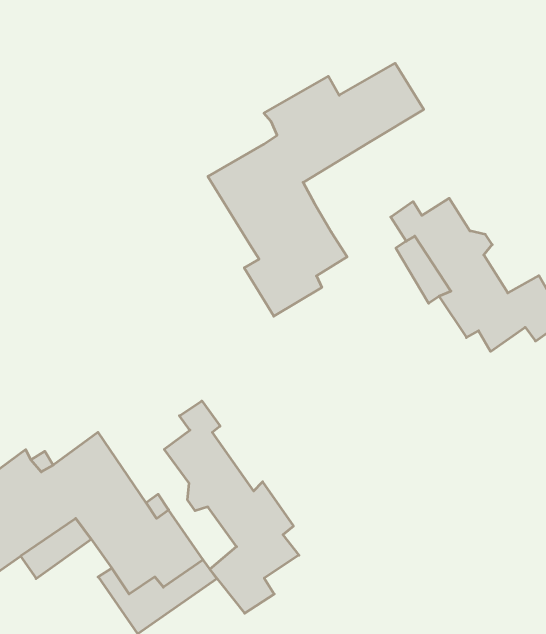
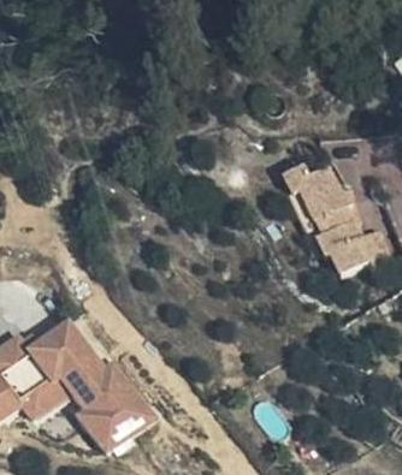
building: [208,63,424,316] -> none
building: [164,401,299,613] -> none

